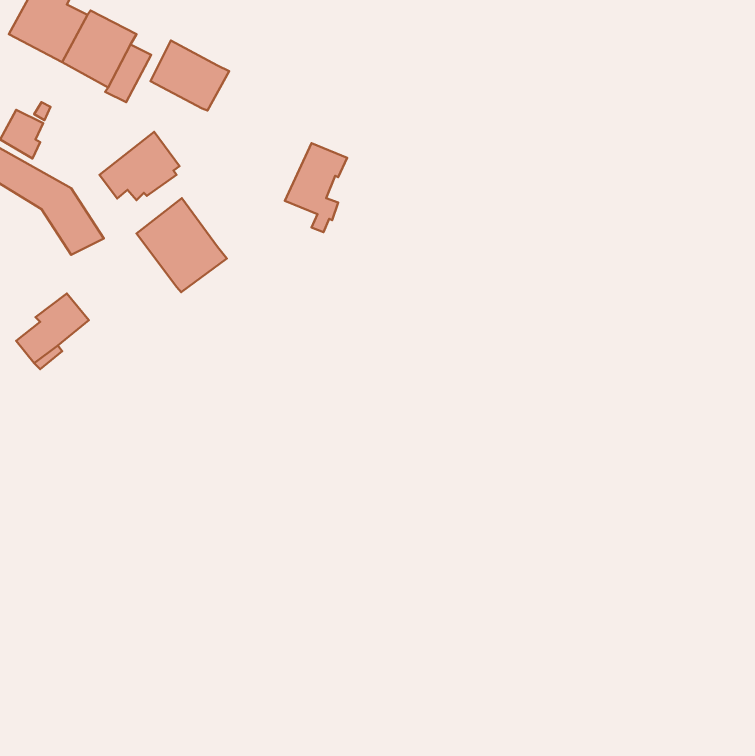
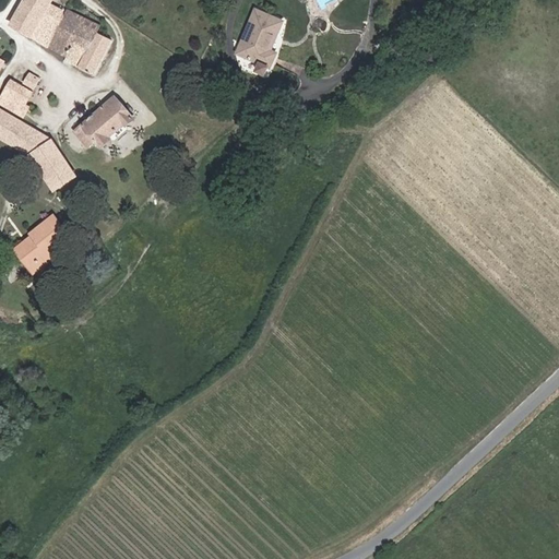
building: [150,40,229,111] -> none
building: [285,143,347,232] -> [236,8,282,73]
building: [136,198,227,292] -> none

